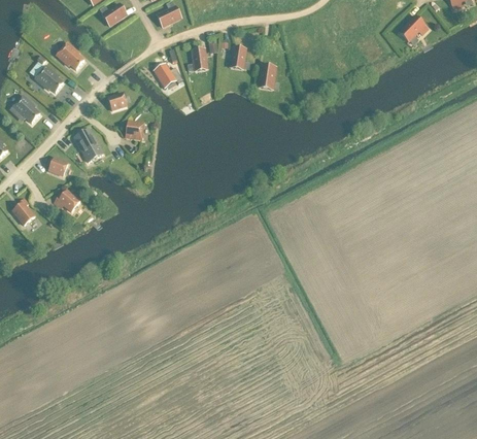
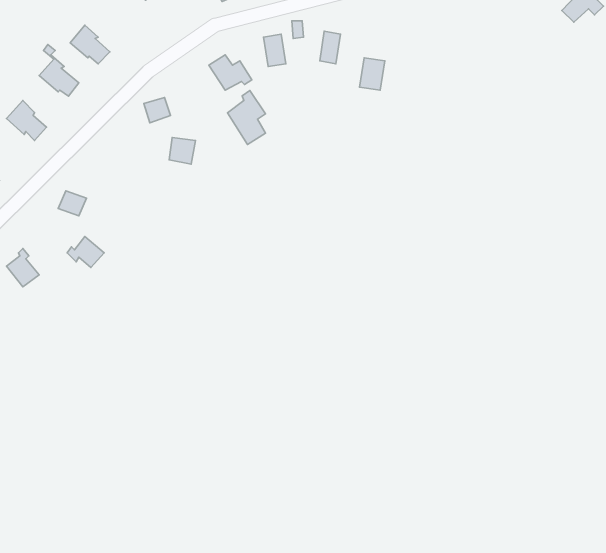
building: none -> [228,90,265,144]
building: [75,129,103,162] -> none

